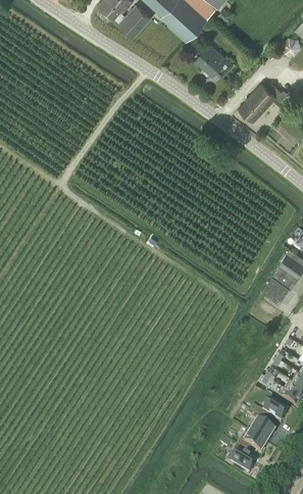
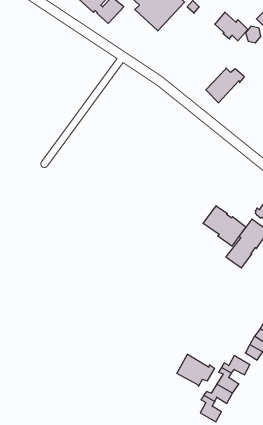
building: [195,46,232,78] -> [215,12,248,41]
building: none -> [203,206,246,246]
building: none -> [177,354,215,386]

